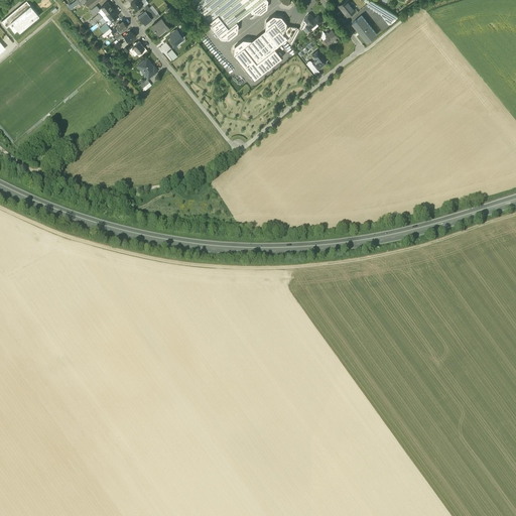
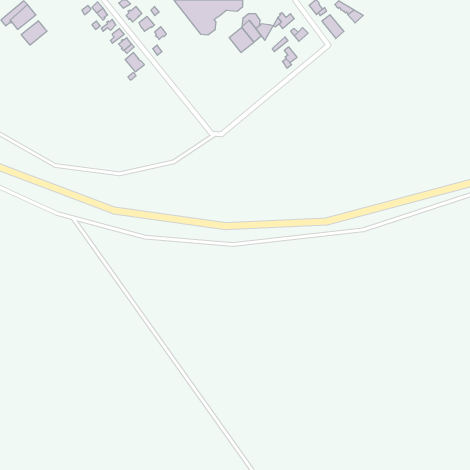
building: none -> [21,21,47,45]
building: [234,40,281,80] -> none

